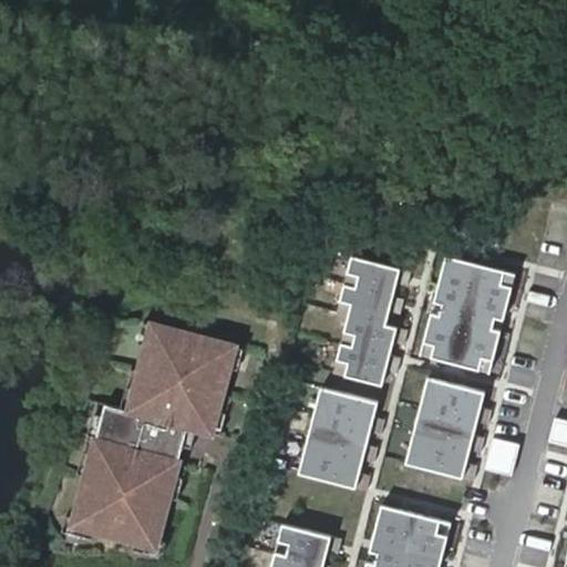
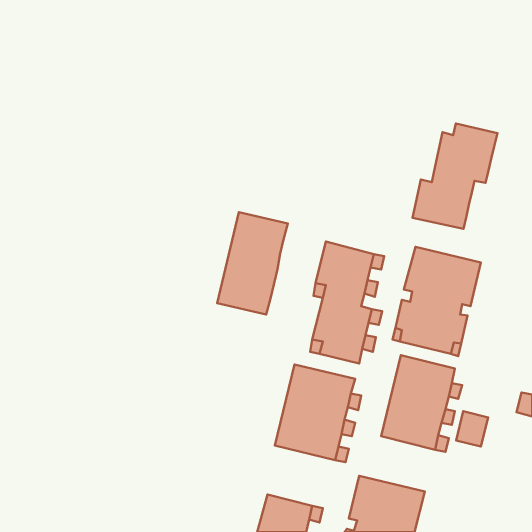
building: none -> [413,124,497,229]
building: none -> [217,212,288,315]
building: [72,322,234,545] -> none

